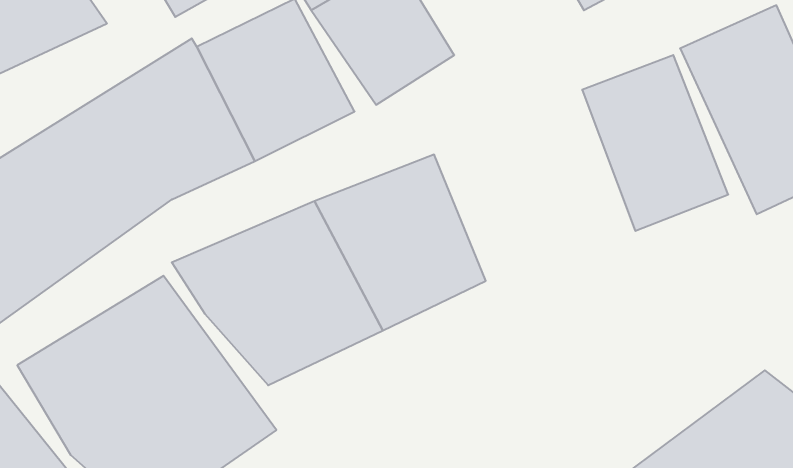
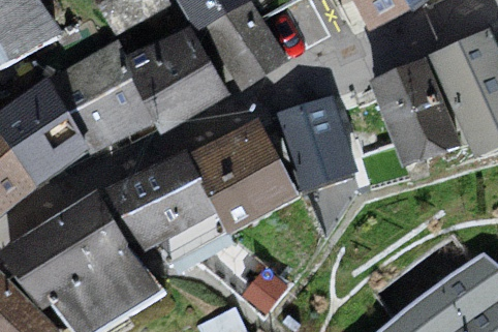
building: none -> [273,96,361,194]

